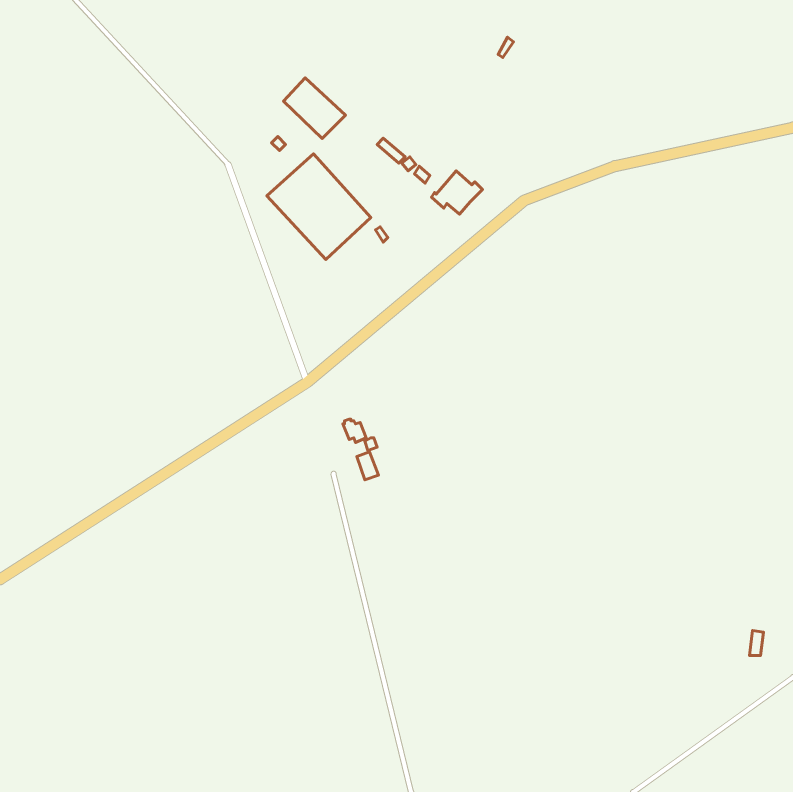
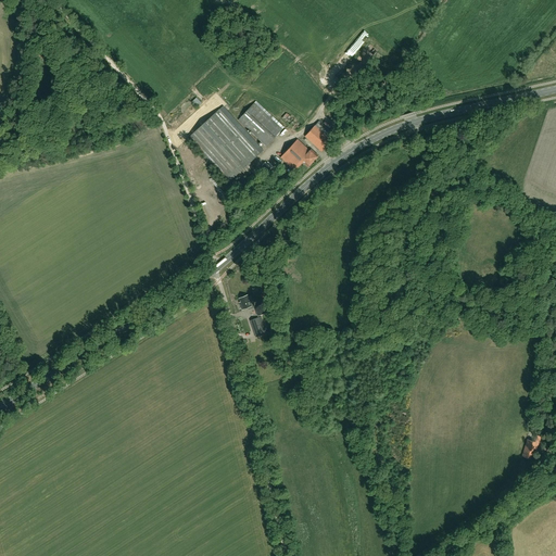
building: [283,78,345,138] -> [239,102,282,144]
building: none -> [280,138,318,169]

